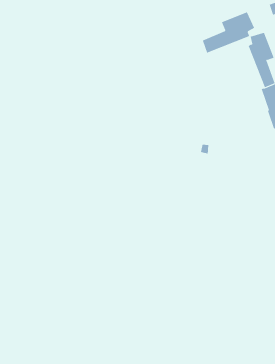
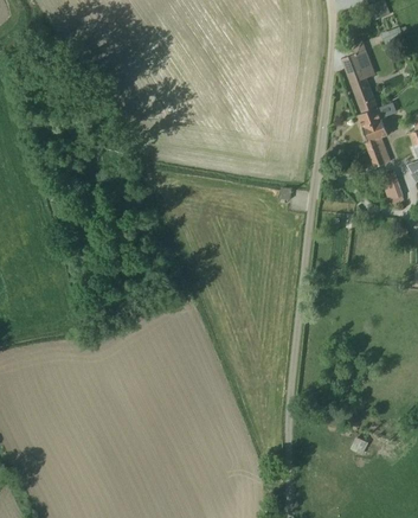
building: [202,12,255,53] -> none

